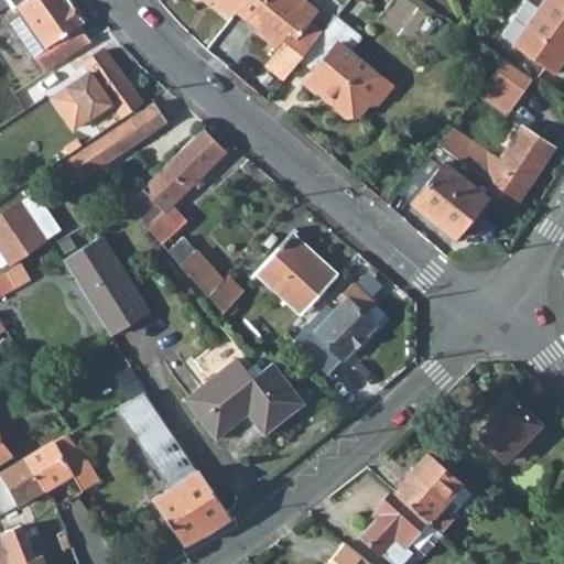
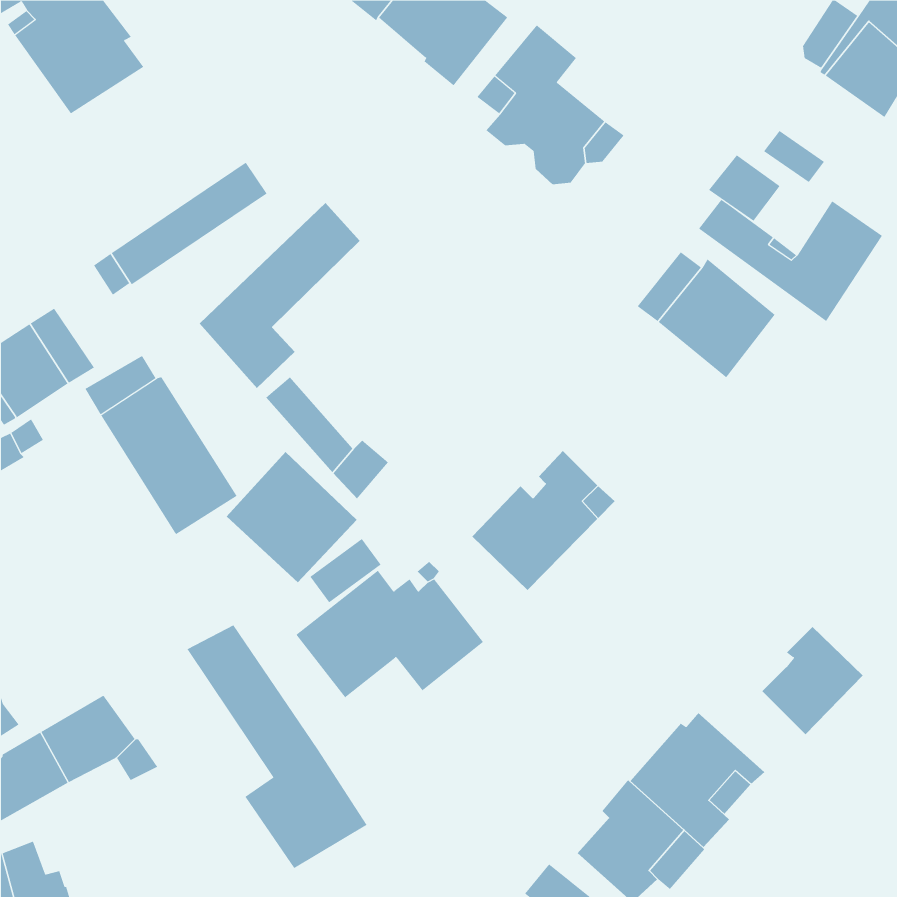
building: [53,46,141,130] -> none
building: [489,61,534,102] -> [708,155,780,221]
building: [256,232,338,315] -> [226,451,358,583]

